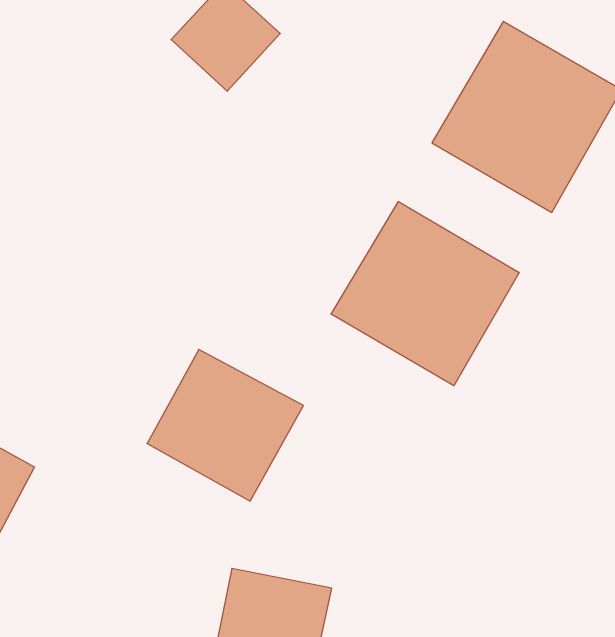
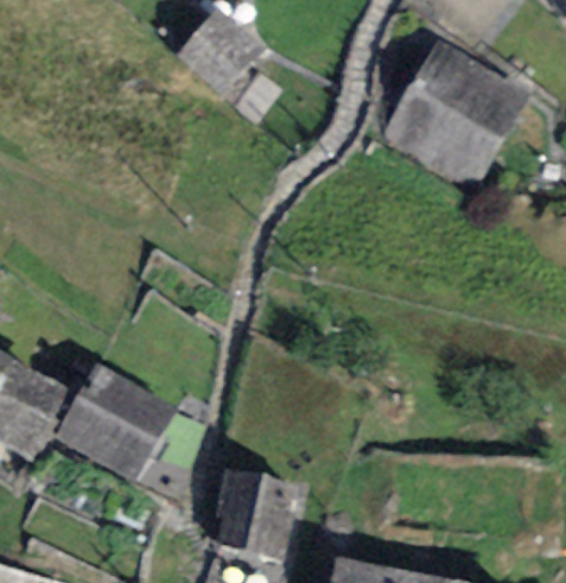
building: [331,202,519,386] -> none
building: [147,349,303,501] -> [55,363,177,482]

